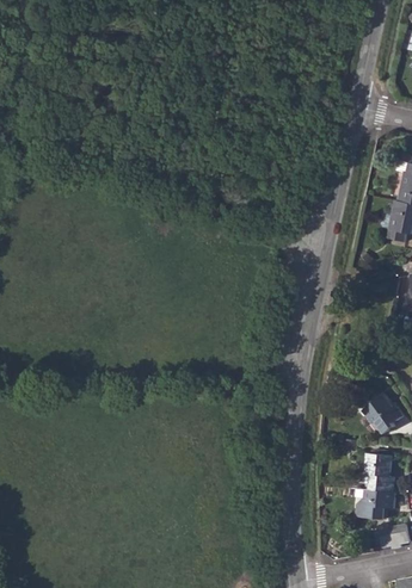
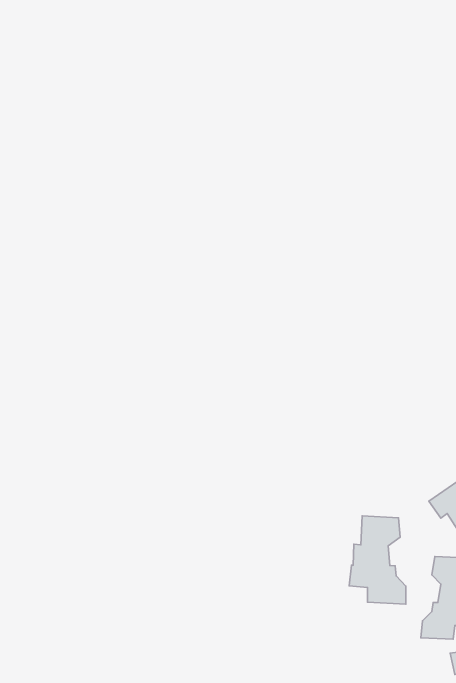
building: none -> [349,516,406,604]

